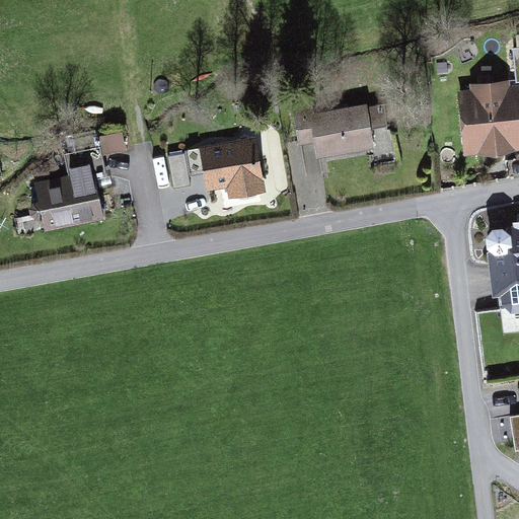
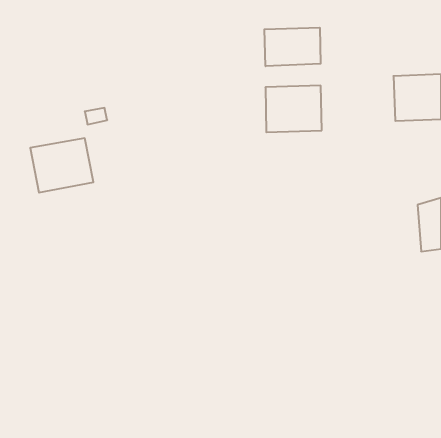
building: none -> [264,28,321,66]
building: [175,133,248,197] -> none

